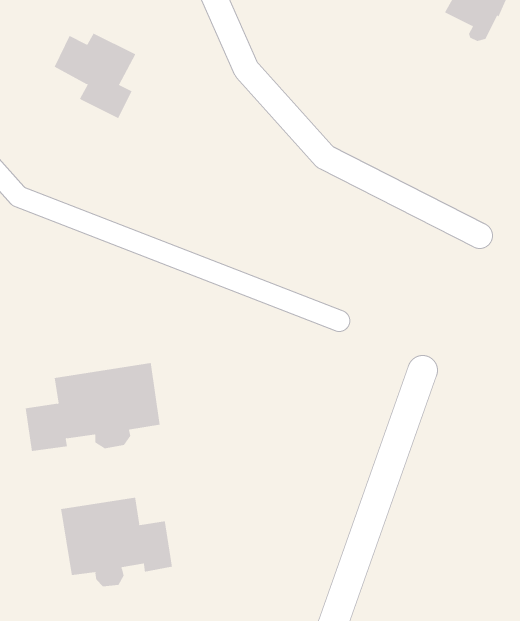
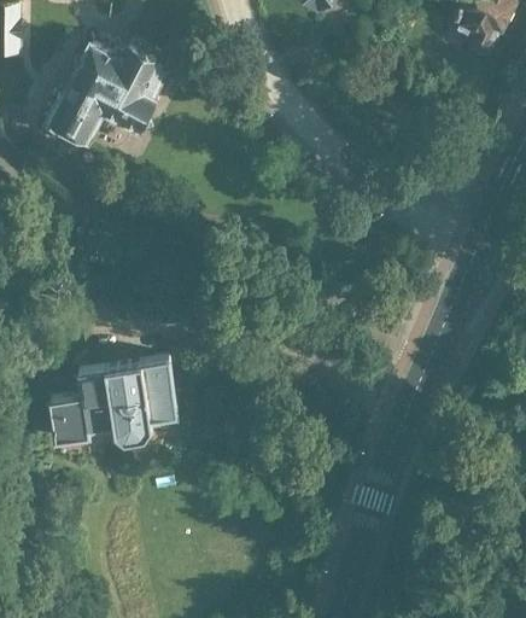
building: none -> [39,77,110,145]
building: [60,497,173,587] -> none

